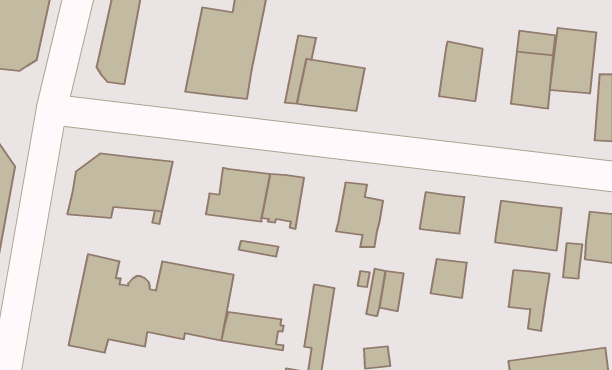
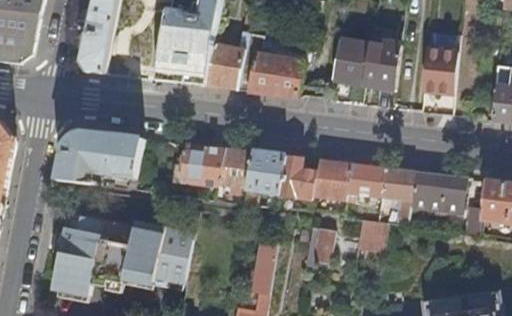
building: [550,28,596,94] -> none
building: none -> [204,31,246,89]
building: none -> [331,39,368,104]
building: none -> [242,151,285,205]
building: none -> [311,159,351,199]
building: [508,270,550,331] -> [379,167,413,217]
building: [222,312,283,350] -> none

